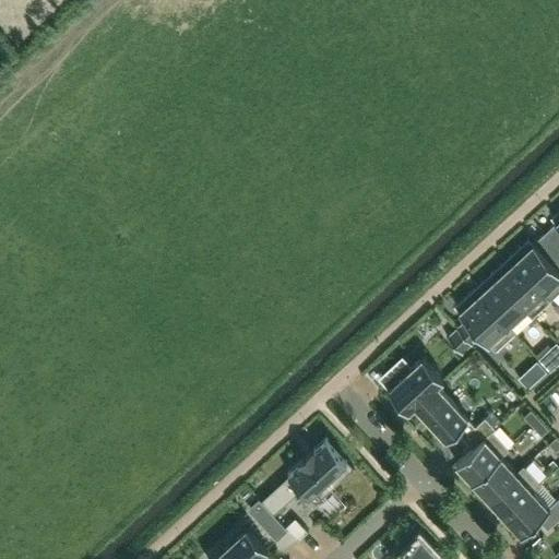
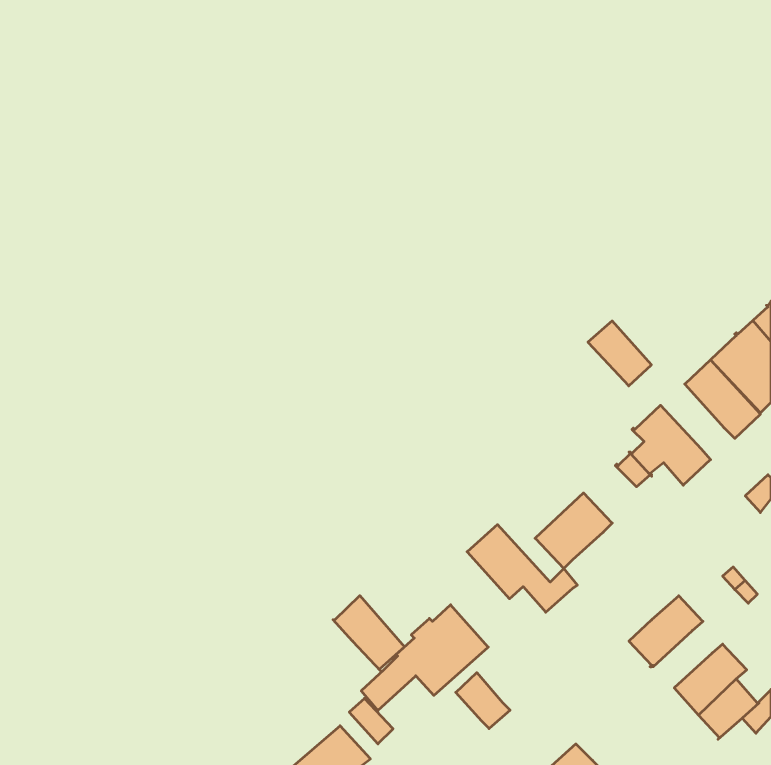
building: [477,283,523,330] -> [588,321,651,386]
building: [414,390,493,453] -> [467,525,577,612]
building: none -> [333,596,404,671]
building: [472,461,514,502] -> none
building: none -> [456,673,510,729]

